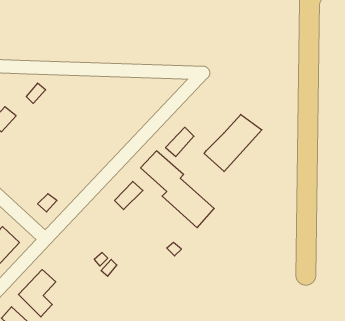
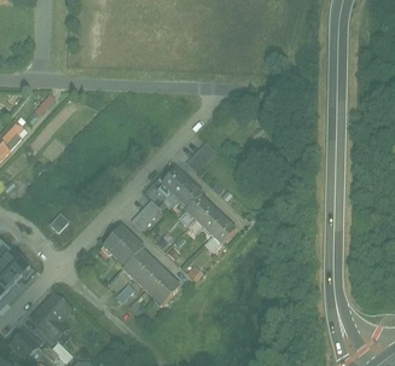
building: [204,114,262,172] -> none
building: none -> [101,227,180,306]

